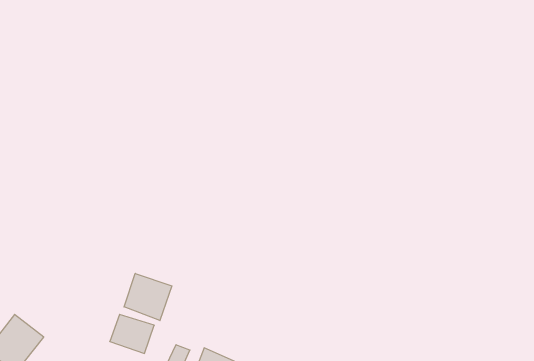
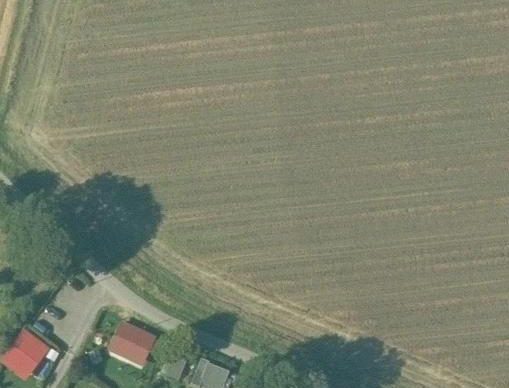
building: [124,273,172,321] -> none

